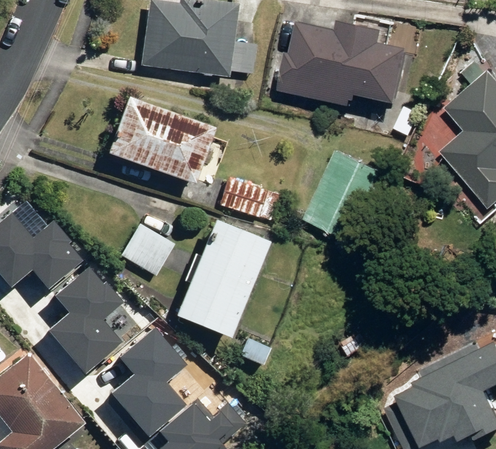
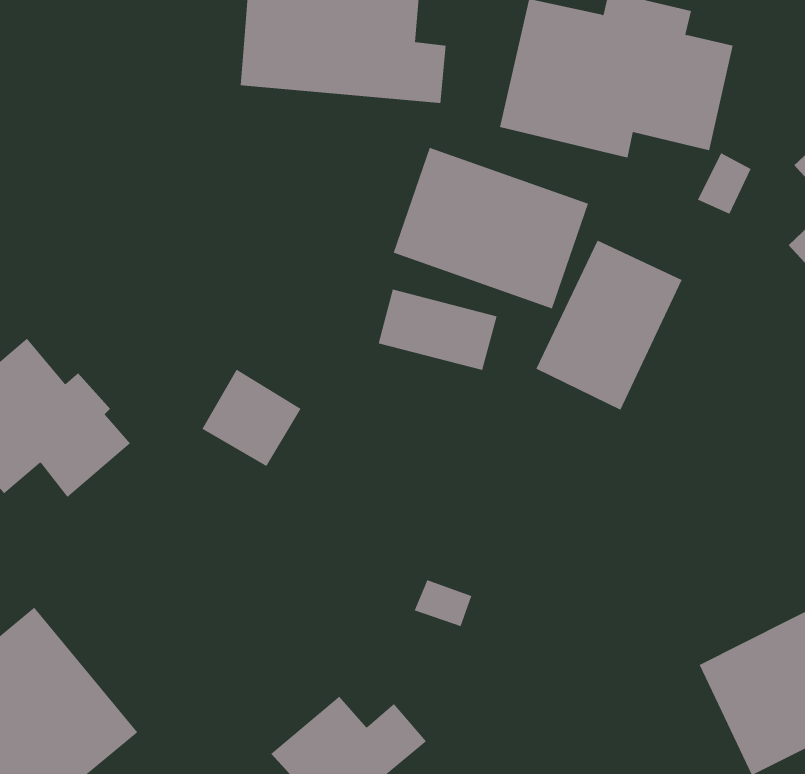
building: [108,93,216,182] -> [393,147,589,309]
building: [177,217,270,335] -> none
building: [47,270,122,377] -> none
building: [110,331,186,440] -> none

